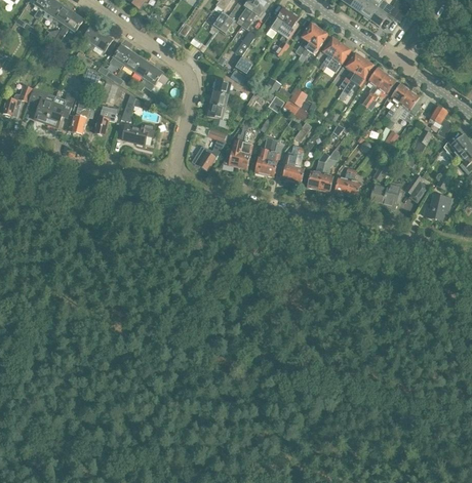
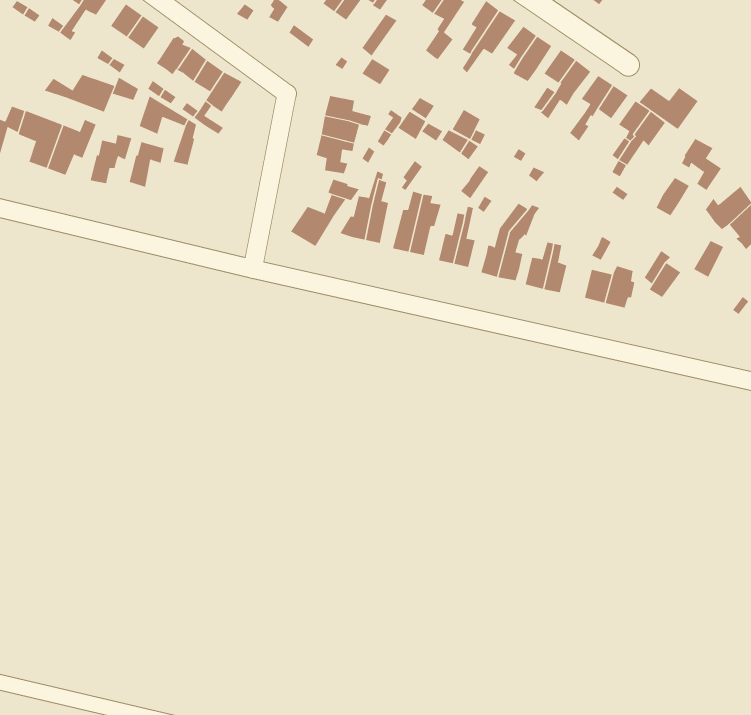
building: none -> [44,74,115,113]
building: none -> [639,87,698,129]
building: [122,123,156,144] -> none
building: [424,194,450,218] -> none

